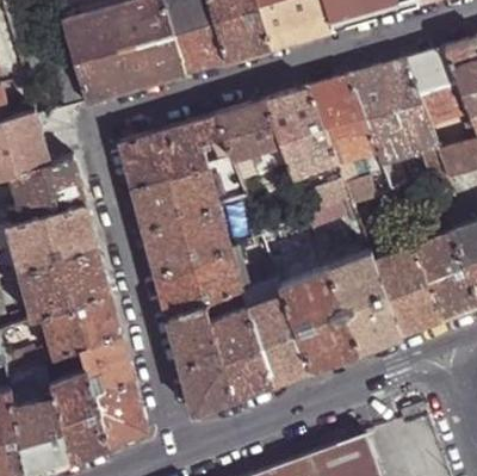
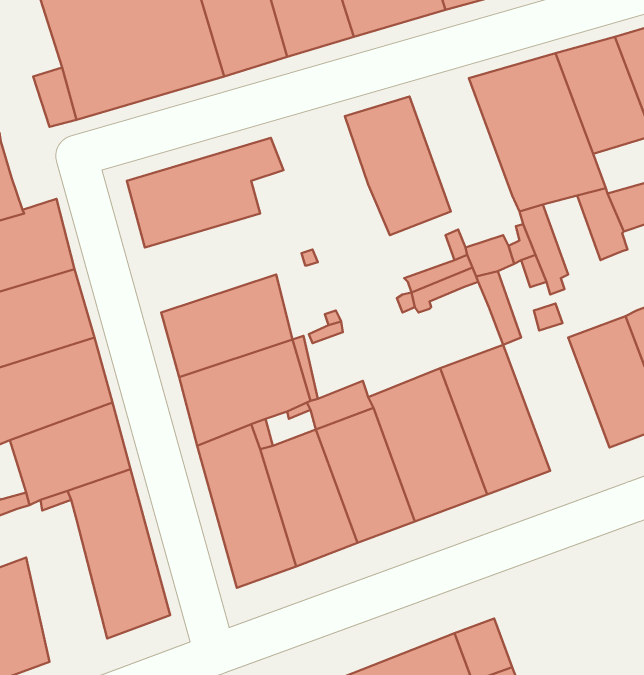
building: [306,76,374,165] -> none
building: [215,101,279,161] -> none
building: [131,166,218,231] -> none
building: [372,248,439,336] -> none
building: [50,369,106,463] -> none

